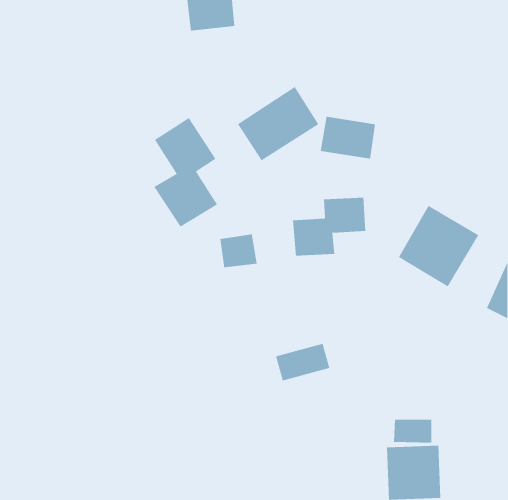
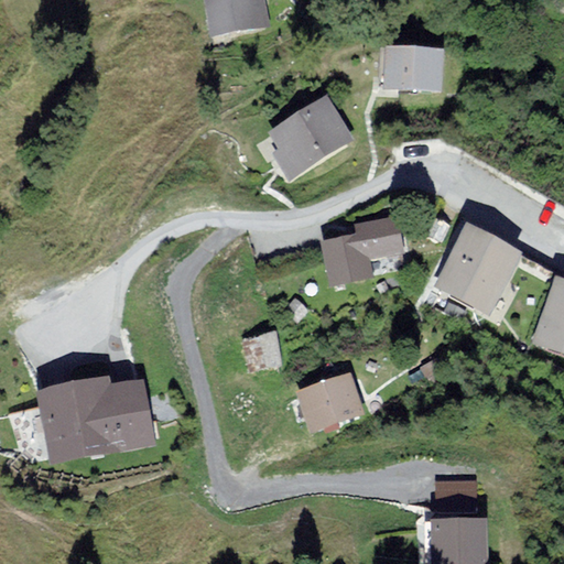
building: [320,116,376,159] -> [392,43,454,90]
building: [154,117,218,228] -> none
building: [220,234,258,268] -> [238,332,280,369]
building: none -> [39,381,149,462]

